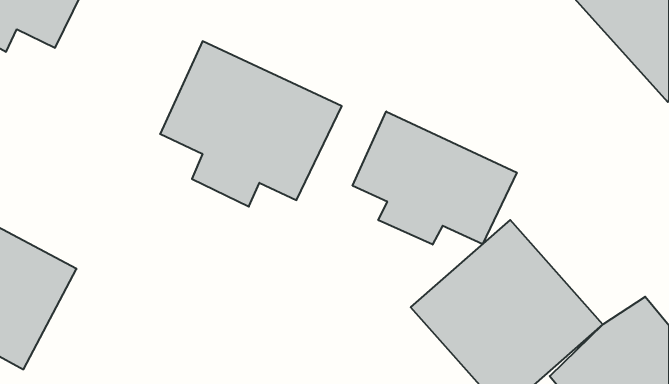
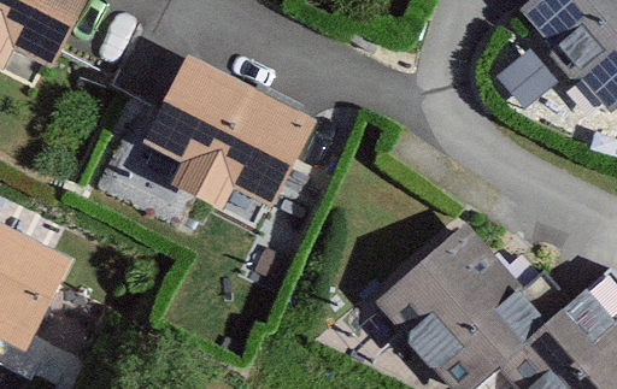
building: [353,111,517,245] -> none

